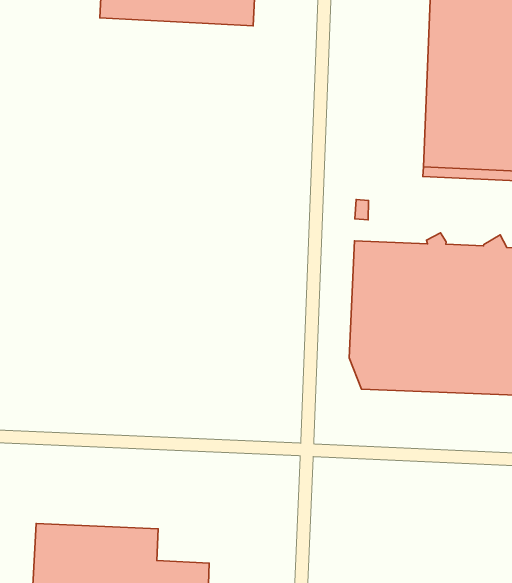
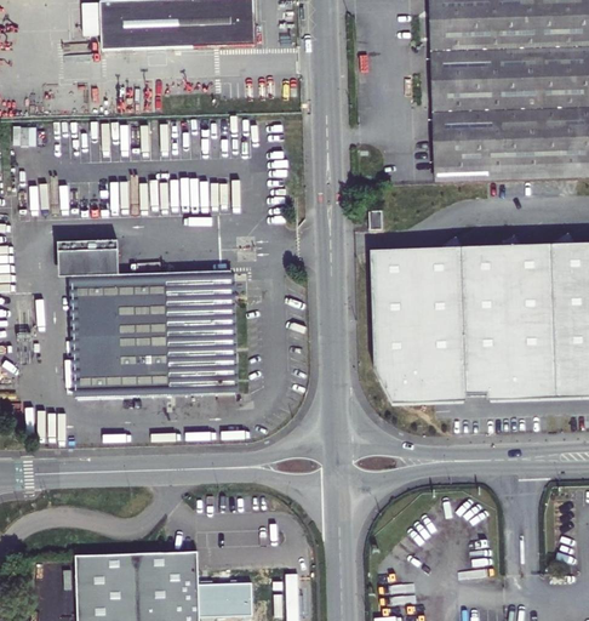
building: none -> [58,240,238,398]

